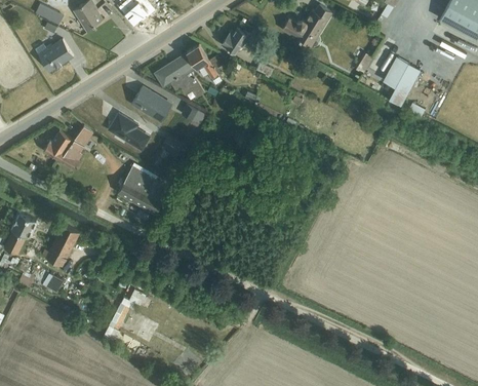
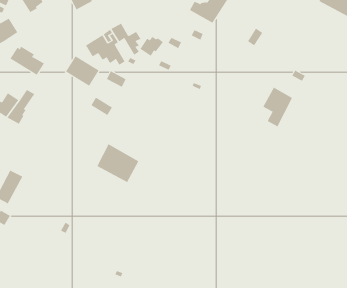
building: [222,29,251,53] -> [139,36,164,56]
building: [383,56,420,106] -> [263,87,293,127]
building: [108,115,151,151] -> [10,46,45,75]
building: [118,165,170,214] -> [96,143,139,183]

